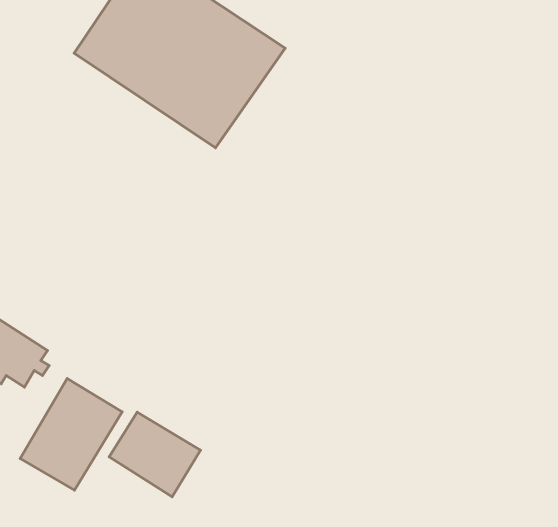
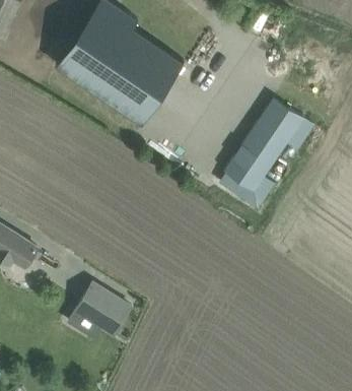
building: none -> [218,96,314,209]
building: [20,379,122,490] -> none

